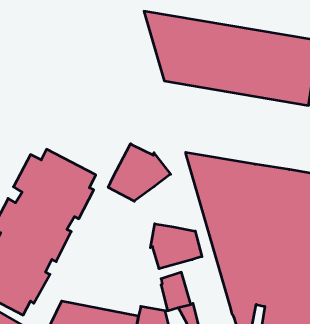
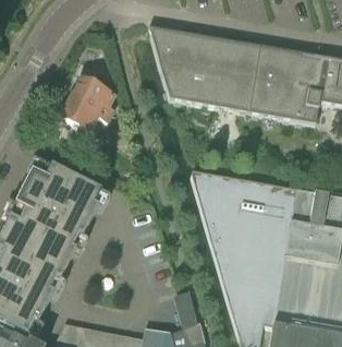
building: none -> [59,80,112,136]
building: [108,144,171,201] -> none
building: [150,224,202,269] -> none

